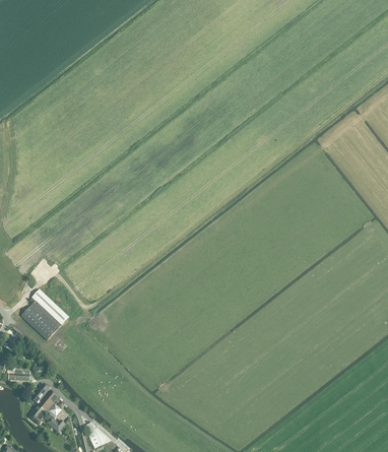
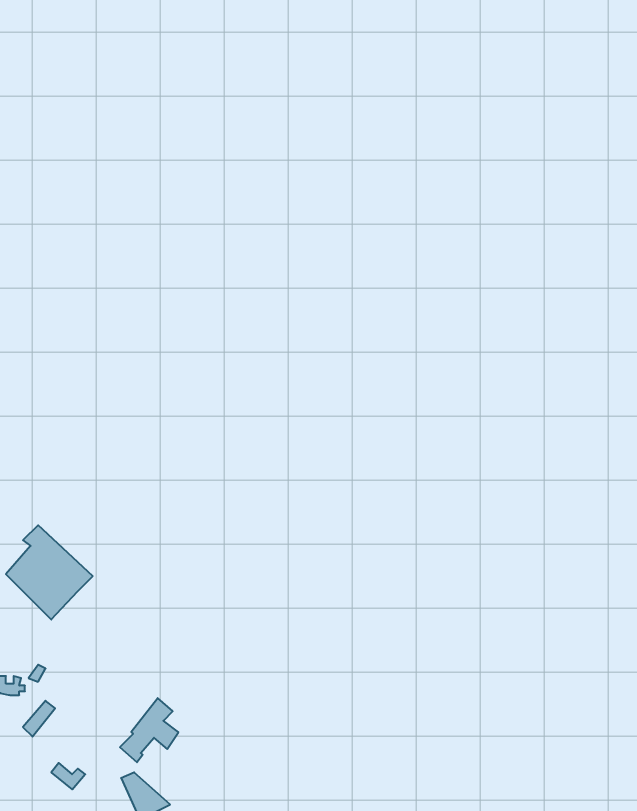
building: [29,391,61,426] -> [120,698,178,762]

